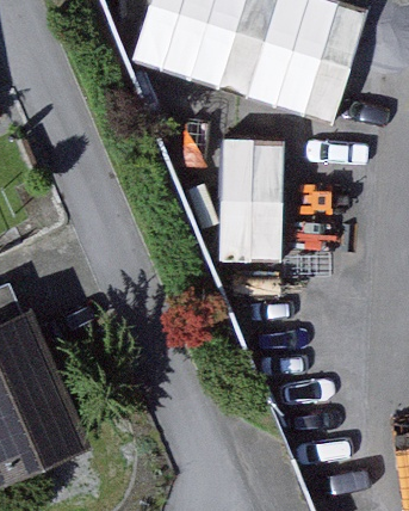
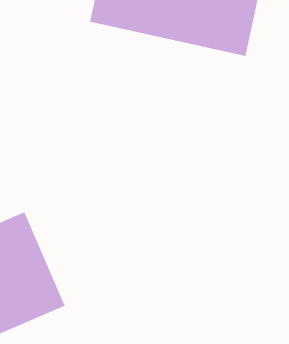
building: [218,137,279,254] -> none

